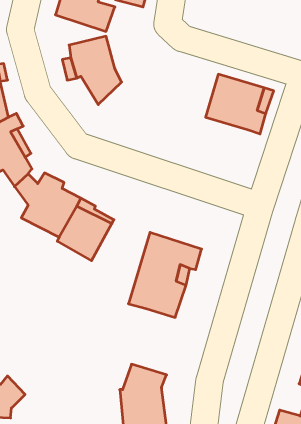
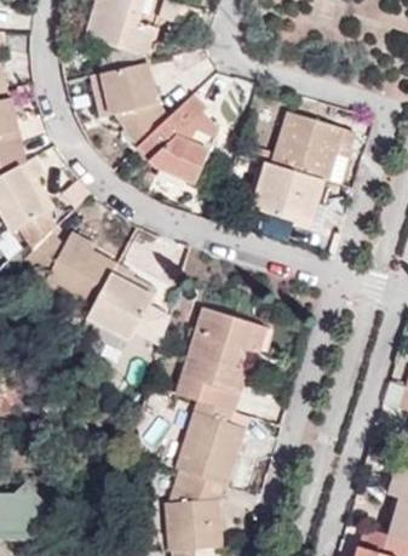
building: none -> [138,94,219,184]
building: none -> [252,162,324,225]
building: none -> [177,401,248,485]

